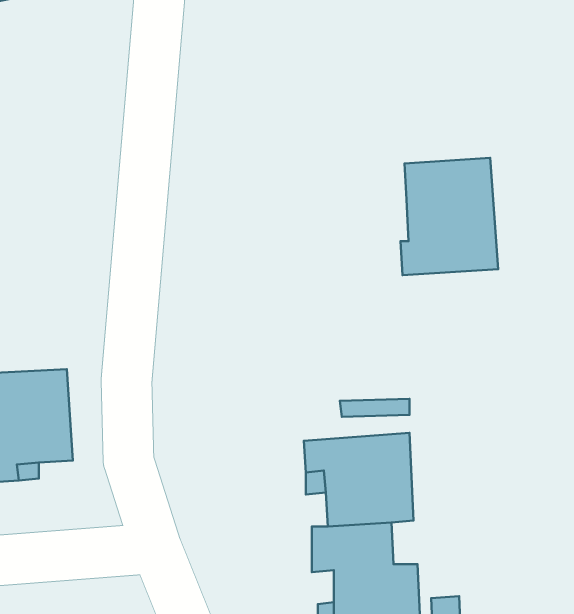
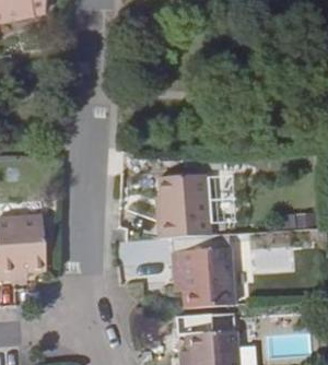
building: [401,158,498,275] -> [159,175,212,239]

